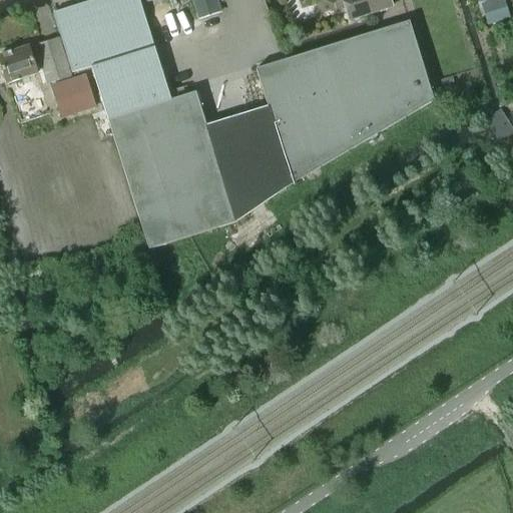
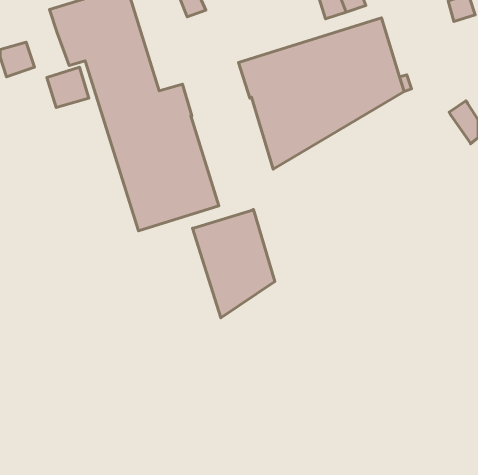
building: [33,35,74,82] -> none
building: [204,104,293,220] -> [193,209,275,318]

